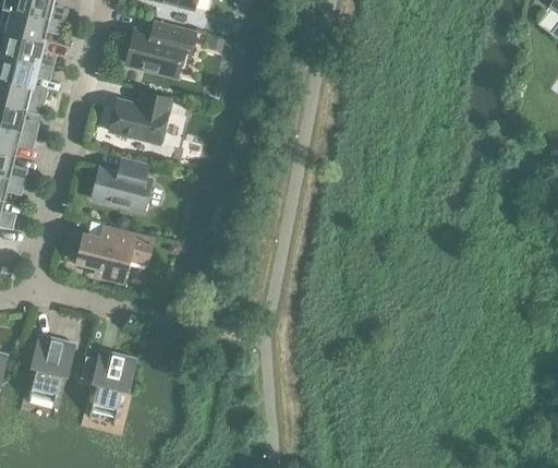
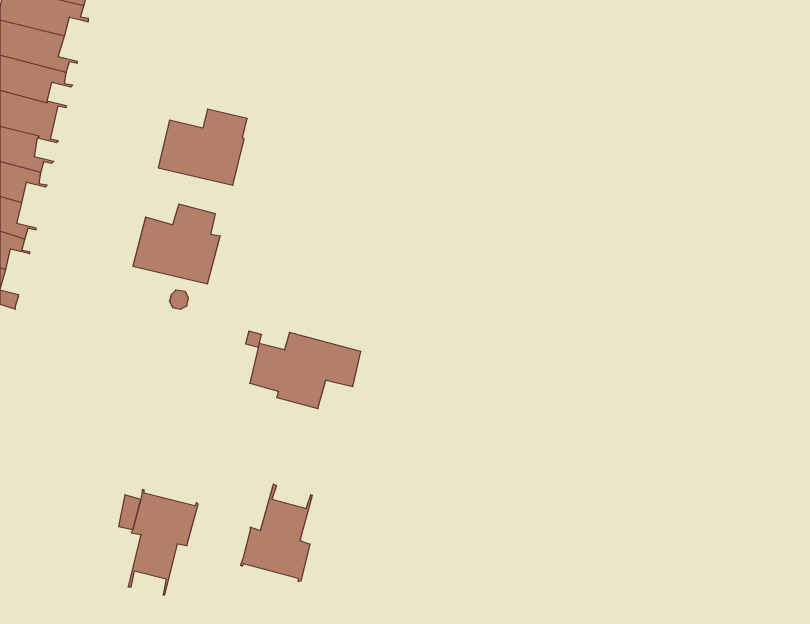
building: [126,22,195,77] -> none
building: [76,227,153,279] -> [250,332,361,409]
building: [27,338,75,410] -> none
building: none -> [241,484,312,582]

